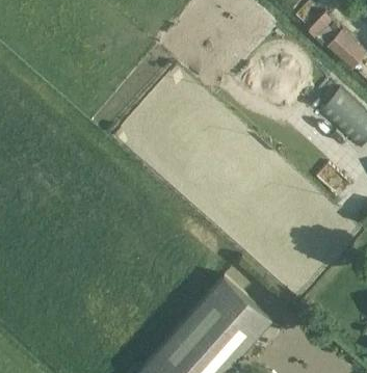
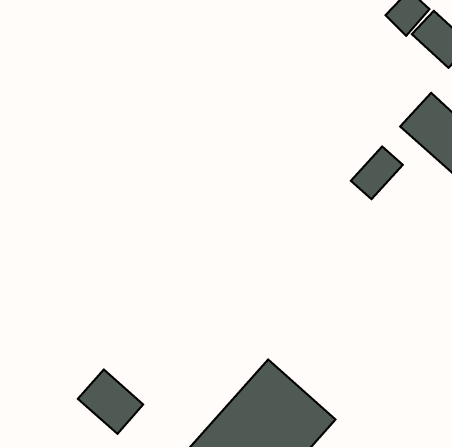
building: none -> [351,146,403,199]
building: none -> [78,370,143,434]

